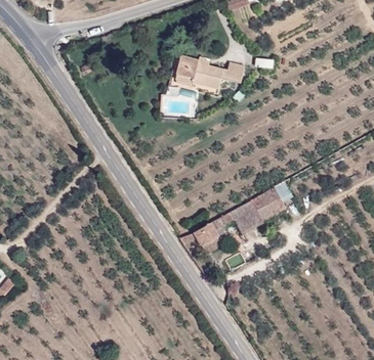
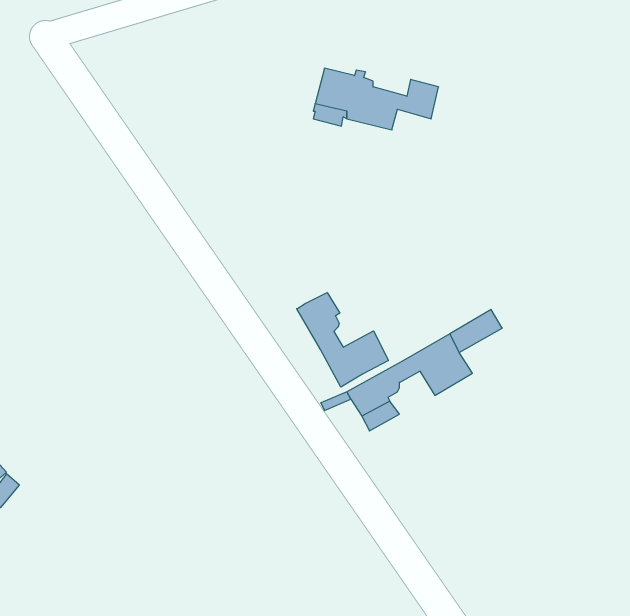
building: none -> [297,293,388,387]

